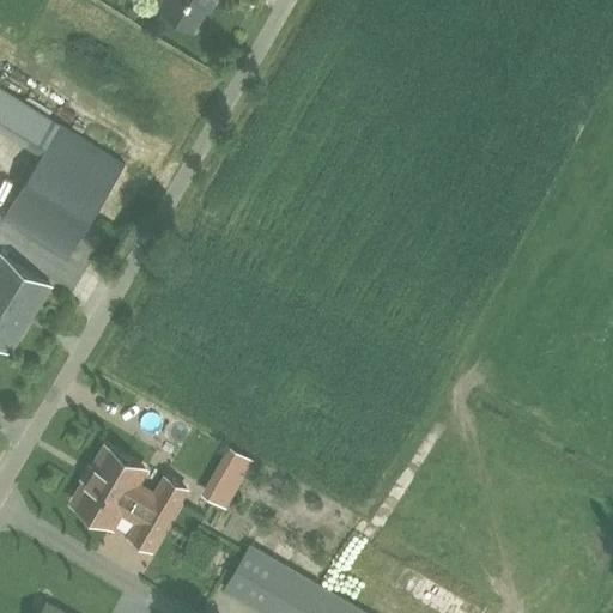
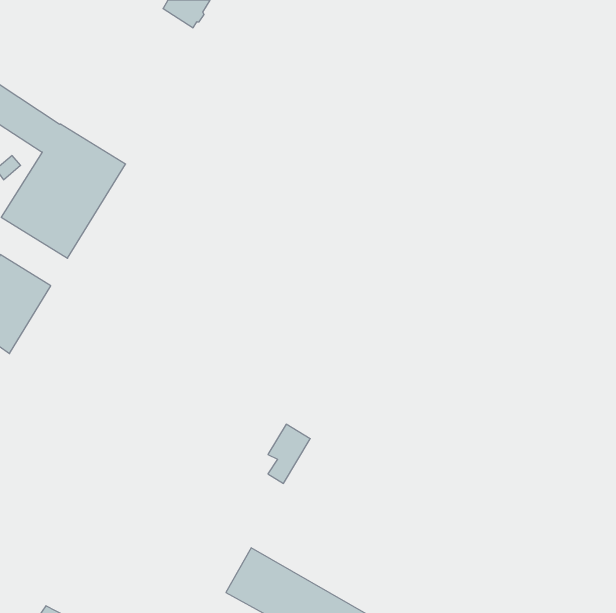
building: [72,448,184,550] -> none
building: [207,449,249,508] -> [268,424,310,483]

